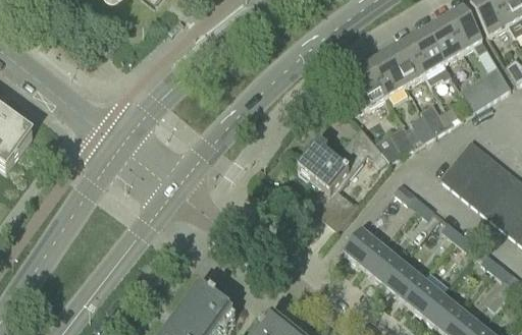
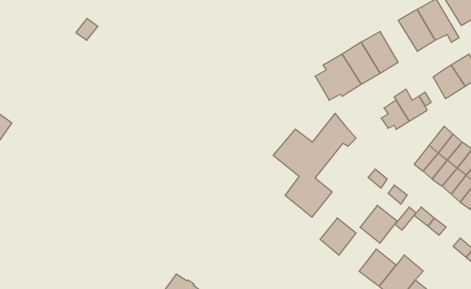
building: [408,31,453,82] -> none
building: [375,123,418,160] -> none
building: [366,247,404,286] -> [360,205,397,243]

